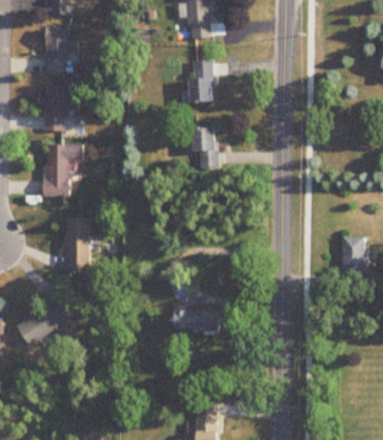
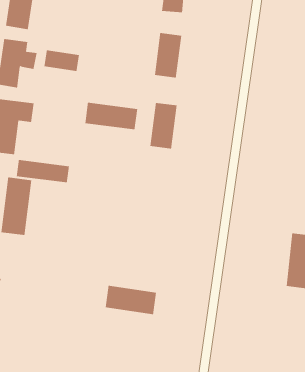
building: none -> [44,50,79,72]
building: none -> [85,102,138,130]
building: none -> [16,159,69,183]

